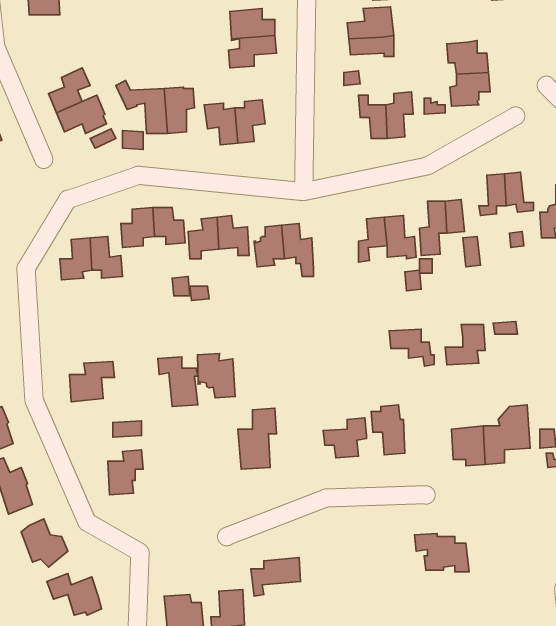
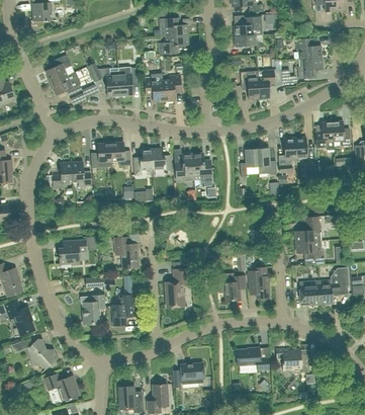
building: [389,329,434,366] -> [295,241,324,264]
building: [197,353,235,398] -> none
building: none -> [111,296,132,325]
building: none -> [236,347,269,370]

